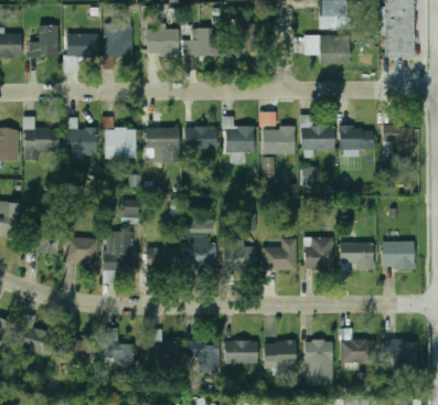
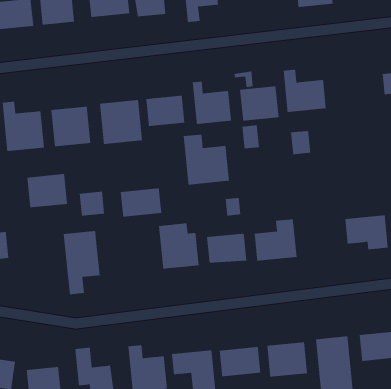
building: [339,127,372,149] -> none
building: none -> [183,134,230,185]
building: [305,237,332,268] -> none
building: [65,238,97,264] -> [26,174,68,208]
building: [146,248,179,269] -> [120,188,162,217]

